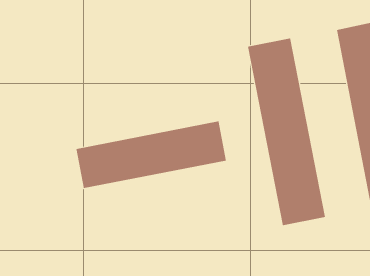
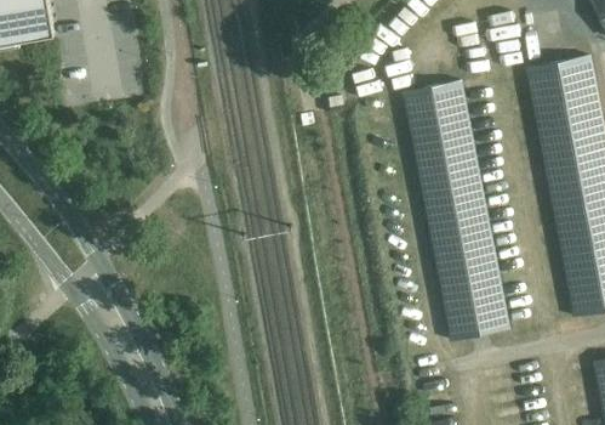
building: [76,121,226,189] -> none

